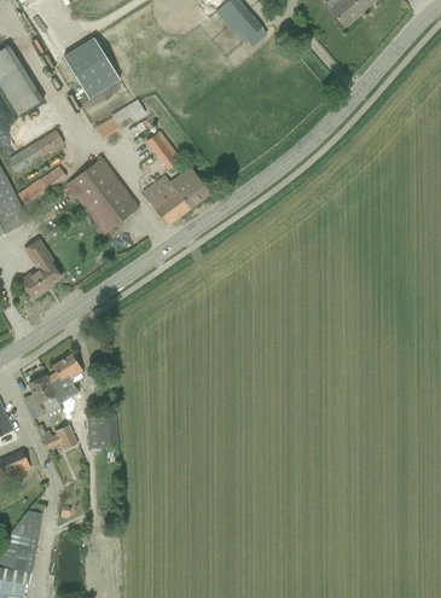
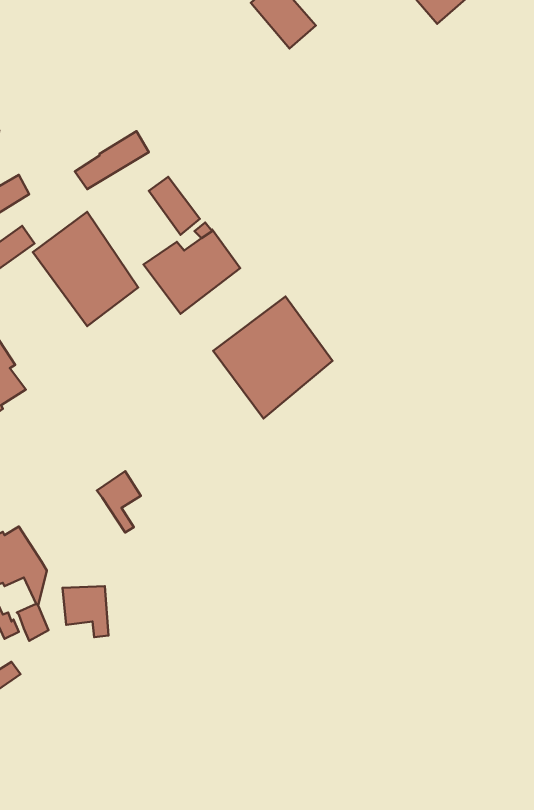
building: [64,37,118,95] -> none
building: none -> [213,297,333,419]
building: [52,354,82,396] -> [97,471,141,533]

